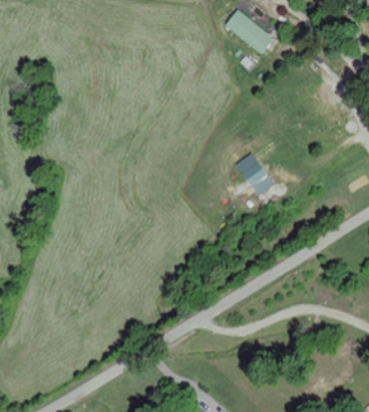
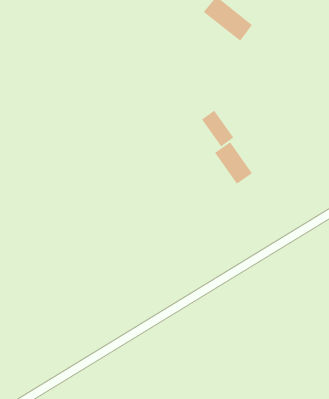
building: none -> [201,110,234,147]

